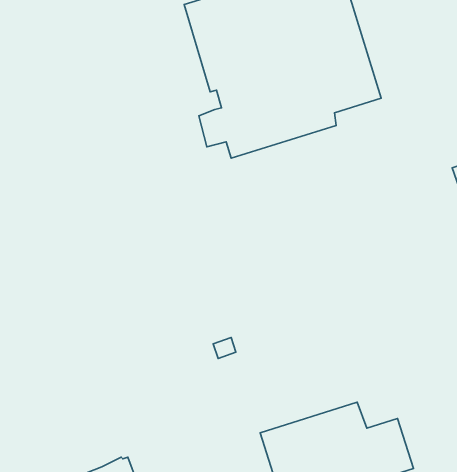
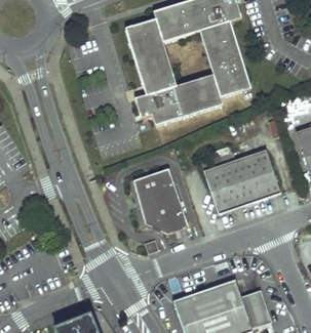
building: none -> [201,149,280,212]
building: none -> [133,168,190,235]

